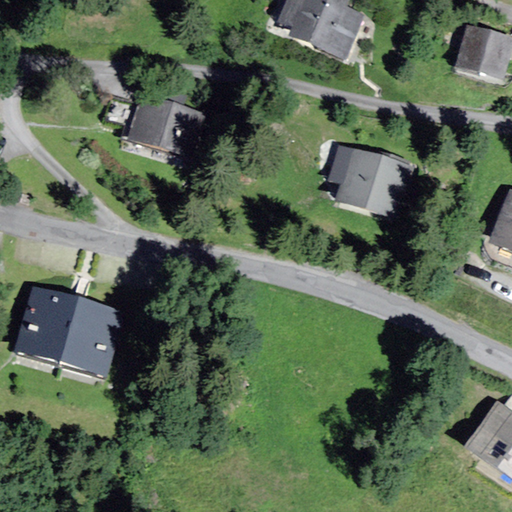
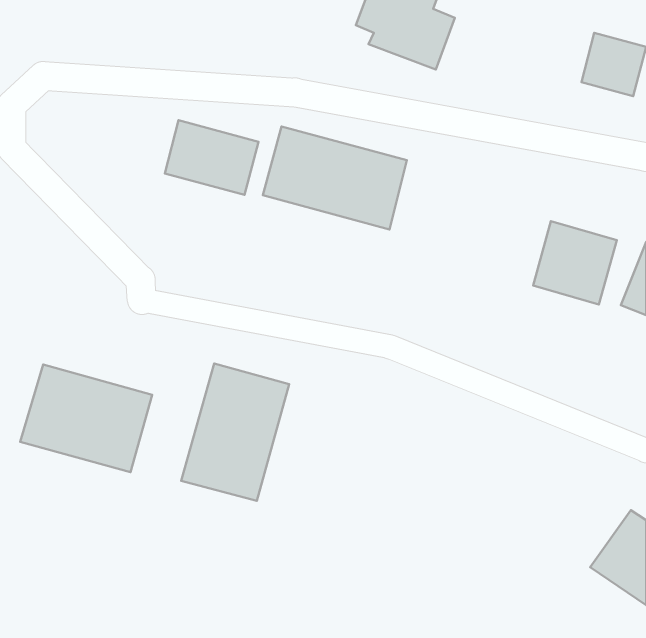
building: none -> [263,126,407,229]
building: [338,149,404,215] -> [533,221,617,305]
building: none -> [181,363,289,501]

